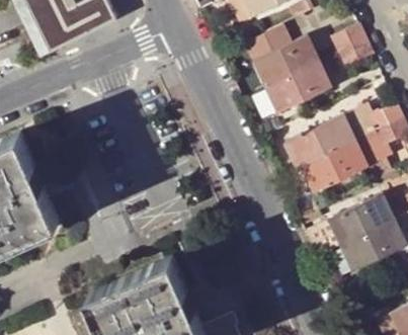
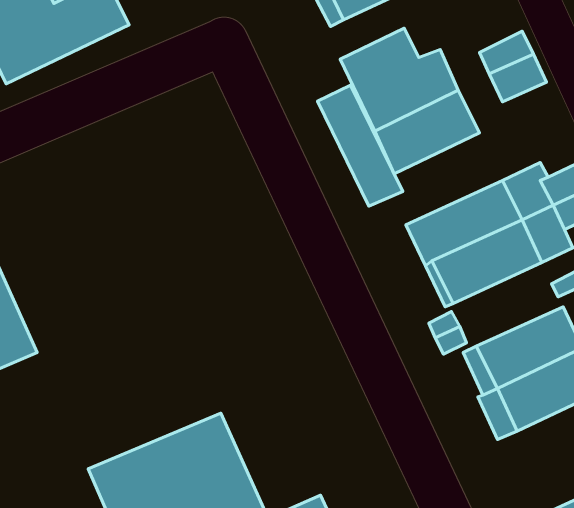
building: none -> [318,85,403,206]

